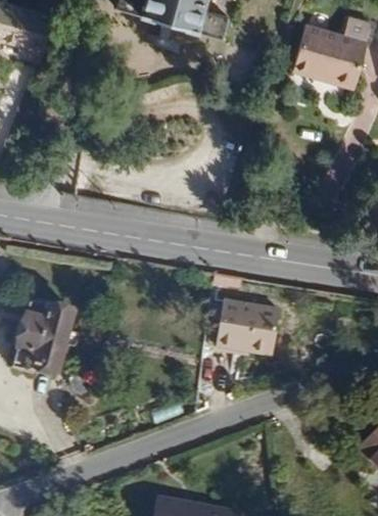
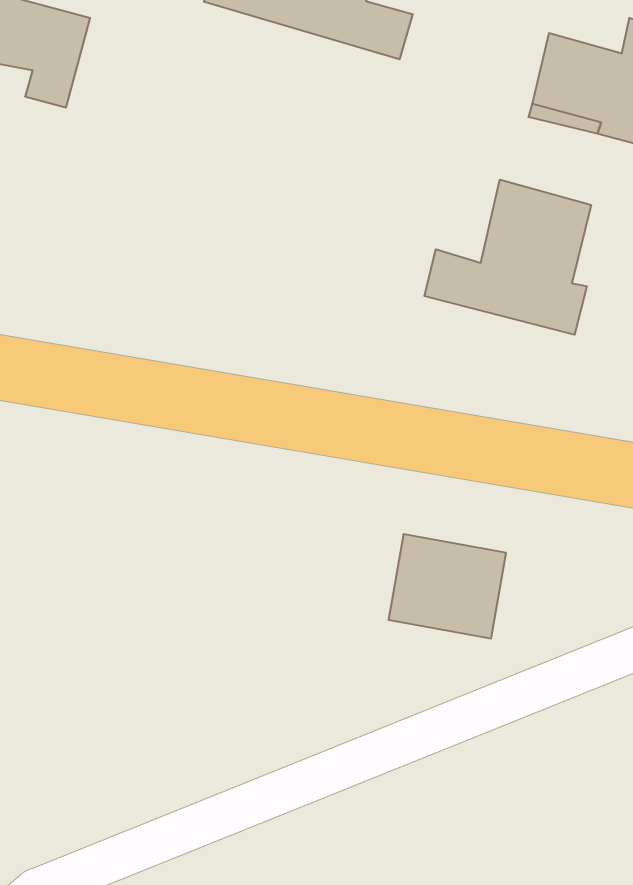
building: none -> [424,180,591,335]
building: [14,298,75,372] -> none

